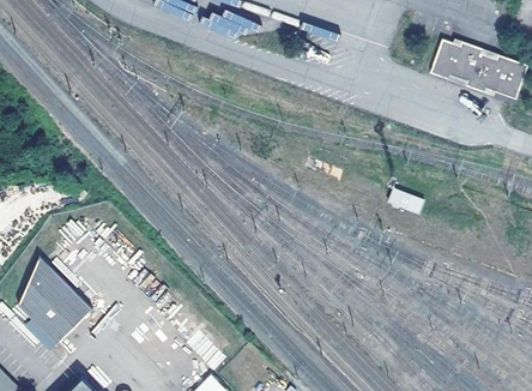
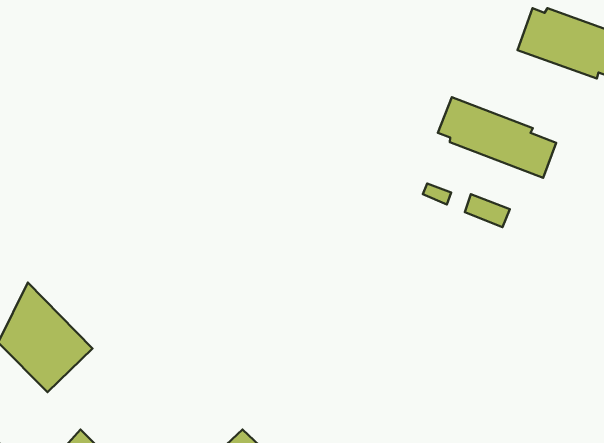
building: none -> [438,97,556,178]

